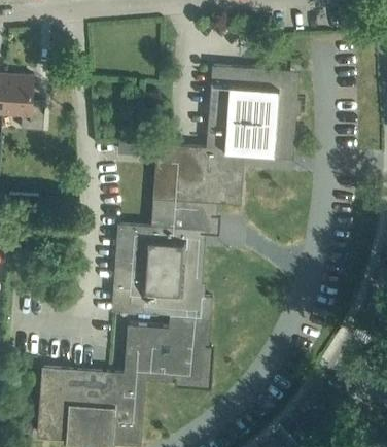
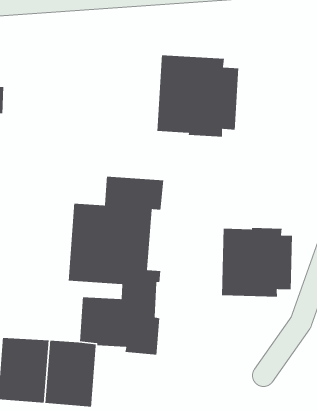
building: [153,144,241,202] -> none
building: none -> [221,224,293,297]

